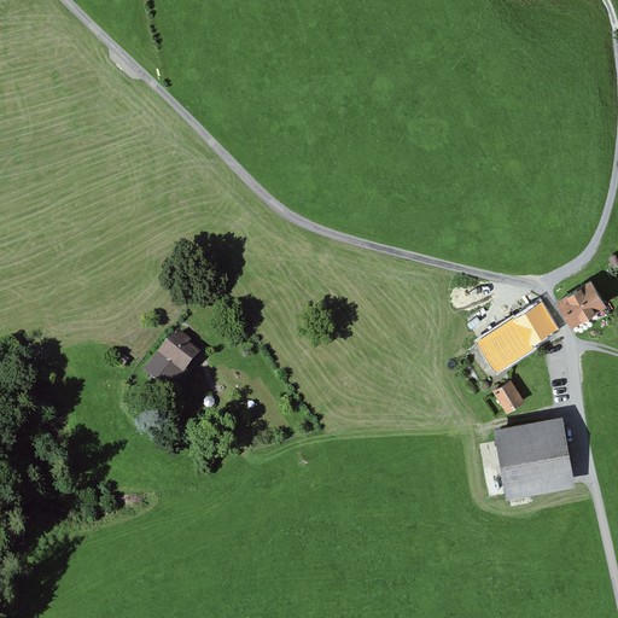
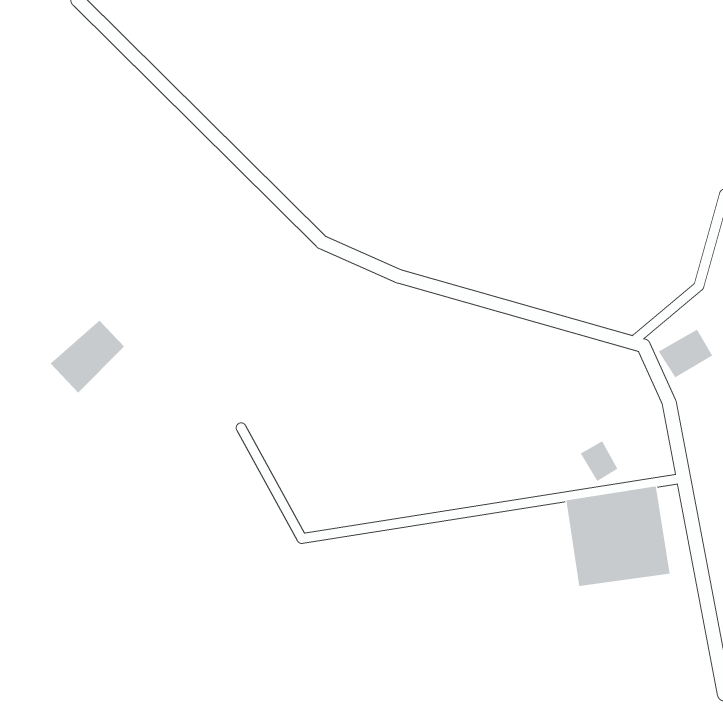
building: [476,301,561,371] -> none
building: [136,334,200,397] -> [50,320,125,393]

